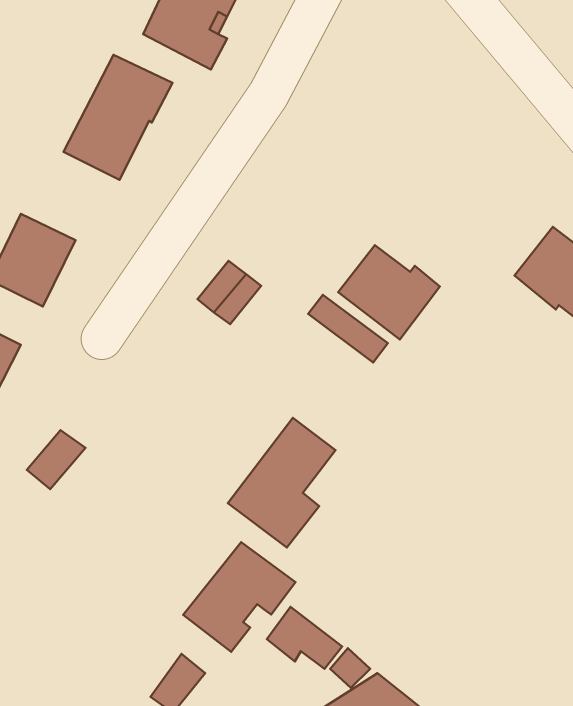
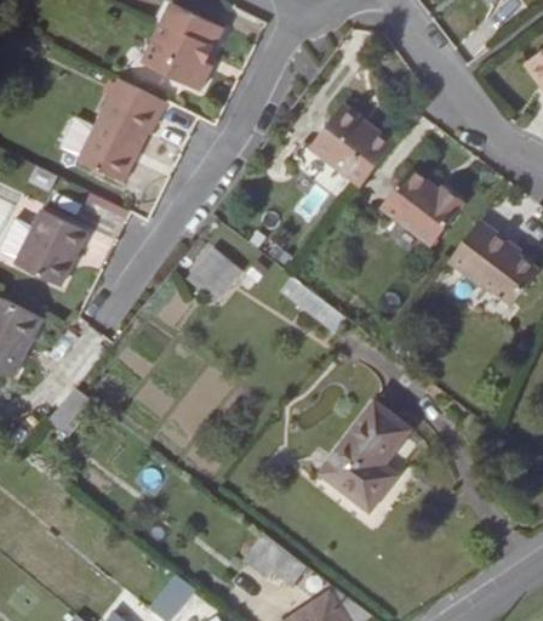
building: none -> [310,106,393,186]
building: [338,245,440,339] -> [381,169,464,246]
building: [228,418,335,547] -> [321,403,410,509]
building: [183,542,295,652] -> none

